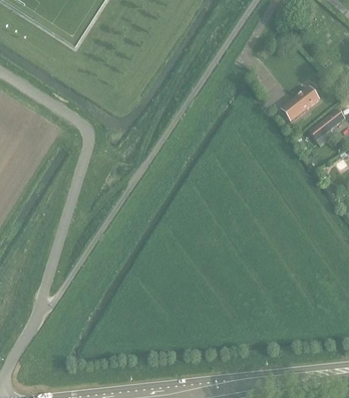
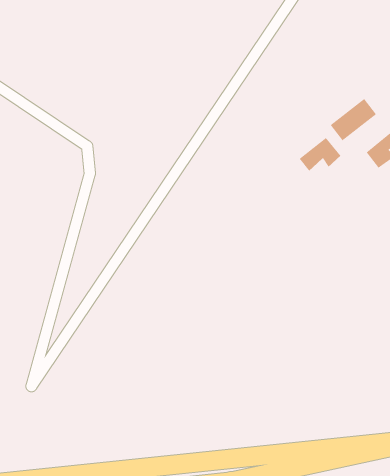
building: none -> [299,137,341,171]

